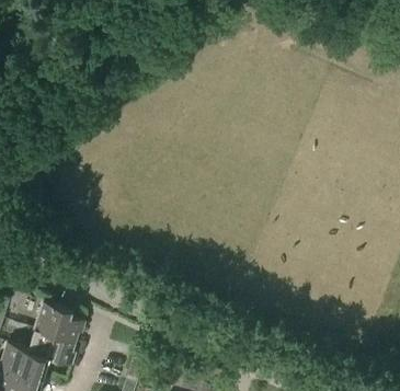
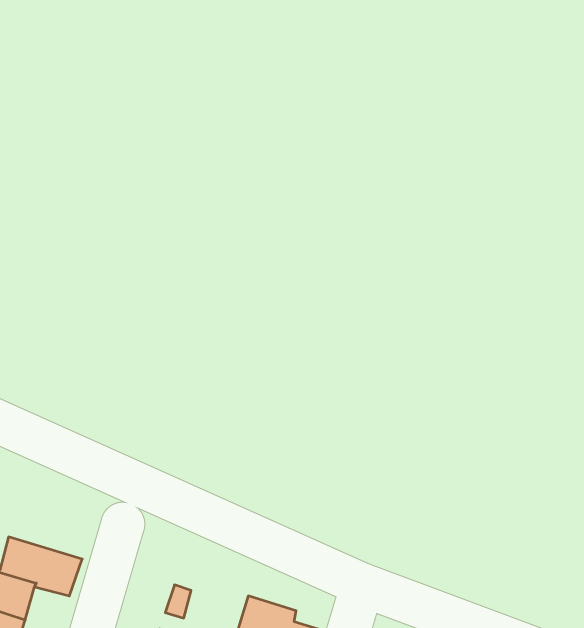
building: [33,303,83,345] -> none

